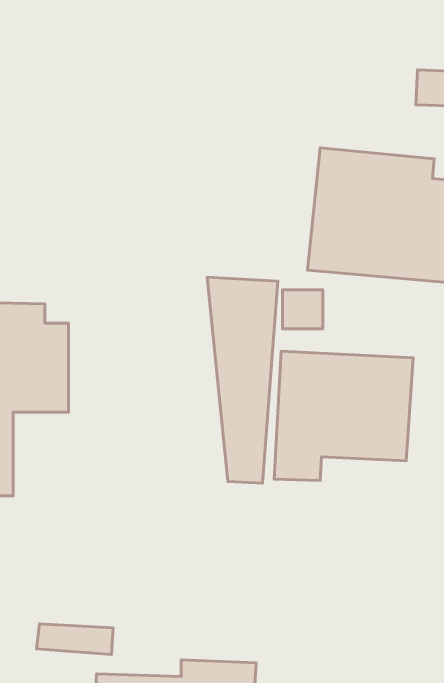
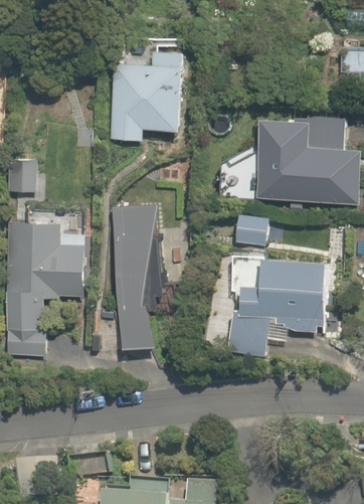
building: none -> [105,65,190,146]
building: [207,277,278,483] -> [110,203,161,352]

